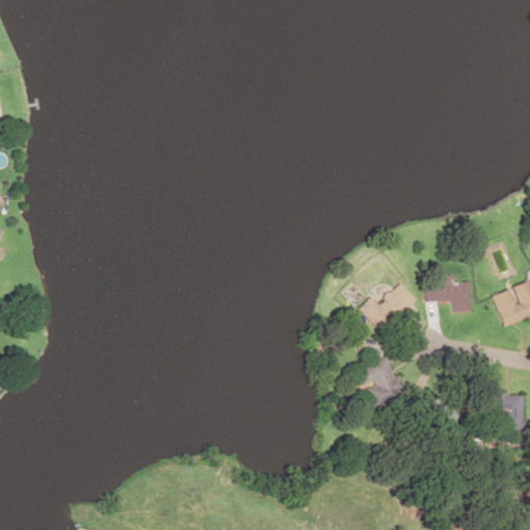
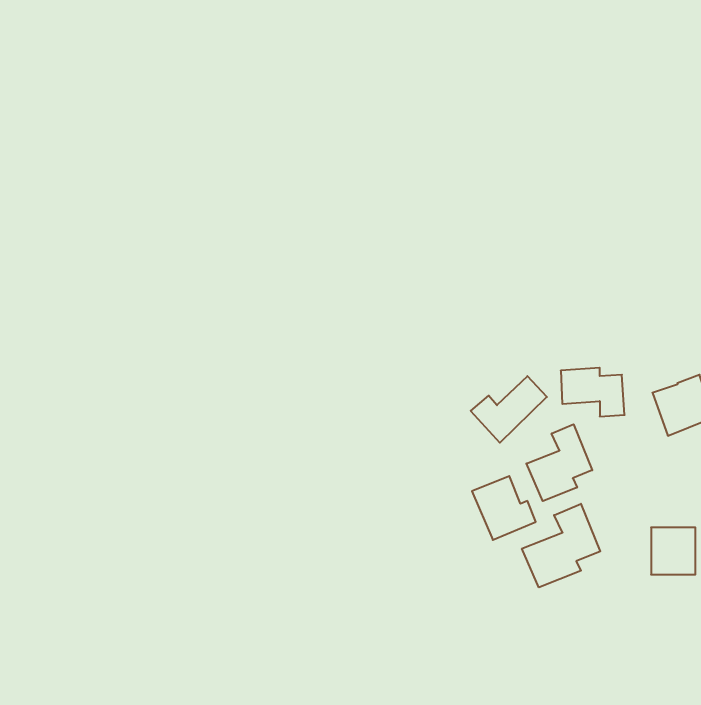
building: none -> [526,424,592,501]
building: none -> [522,504,600,587]

